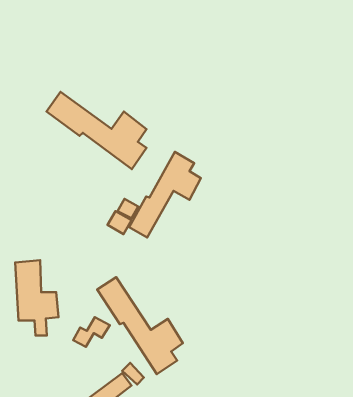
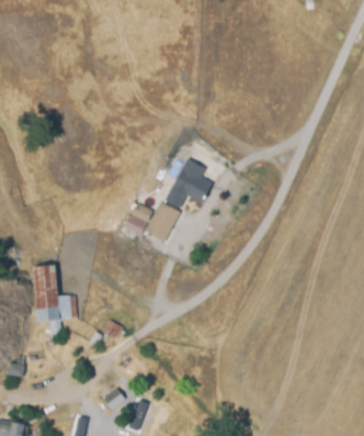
building: [46,92,147,169] -> none
building: [97,277,183,374] -> none

